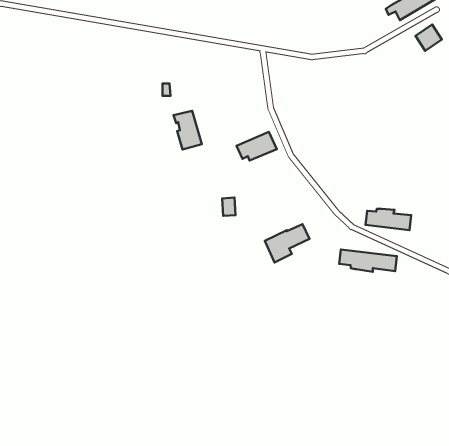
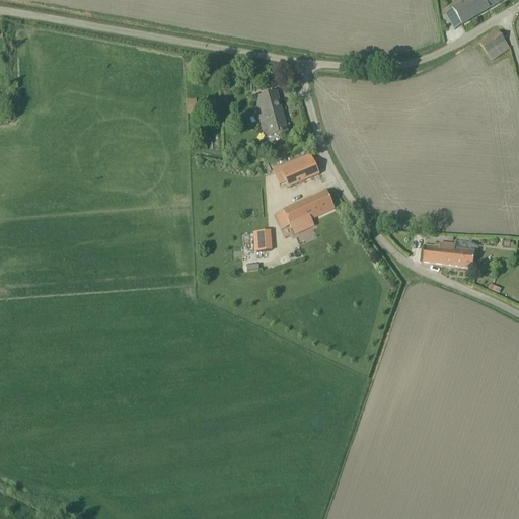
building: [174,111,202,150] -> [254,90,287,135]
building: [265,224,310,263] -> [283,189,335,233]
building: [339,250,397,272] -> none

